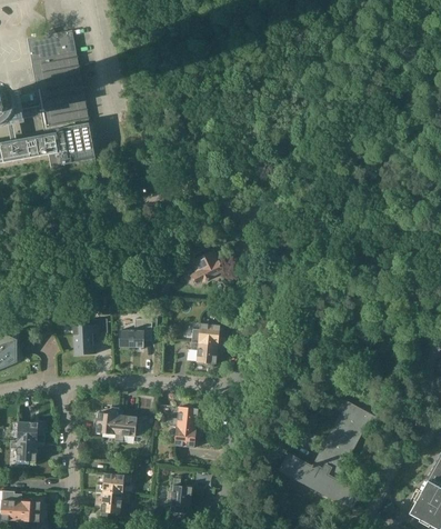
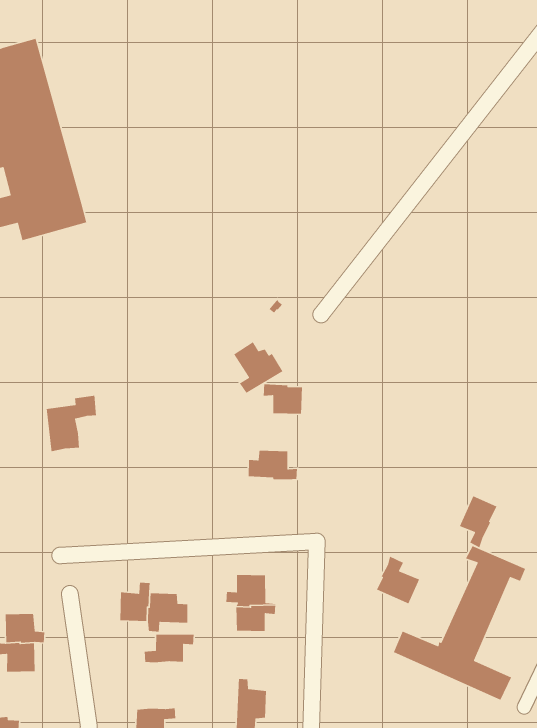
building: [72,318,107,355] -> [46,395,97,452]
building: [119,318,157,347] -> none
building: [190,340,218,363] -> [263,384,303,415]
building: none -> [459,495,498,548]
building: none -> [376,555,420,605]
building: [96,472,131,493] -> [144,634,194,663]

